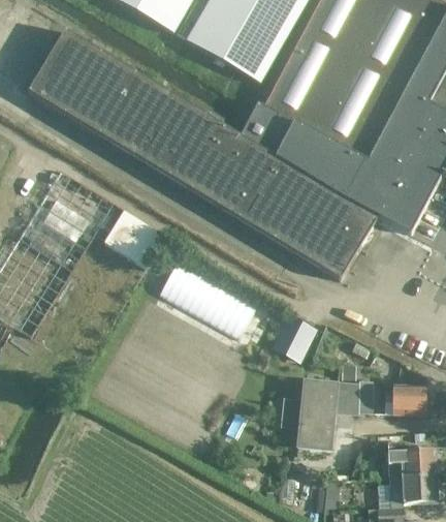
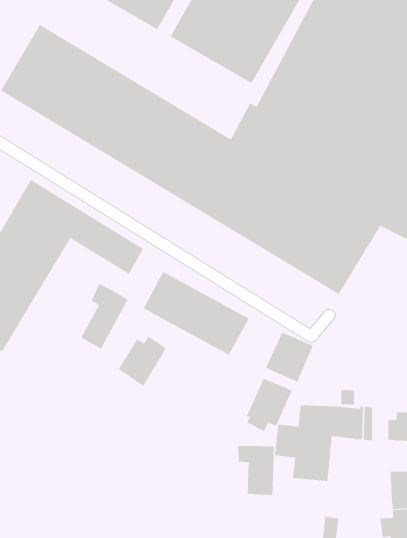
building: none -> [81,283,129,350]
building: none -> [118,336,166,387]
building: none -> [246,378,293,432]
building: none -> [238,445,274,496]

